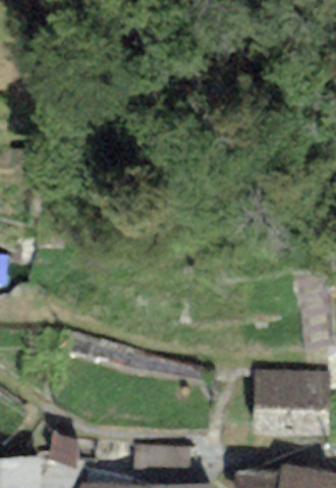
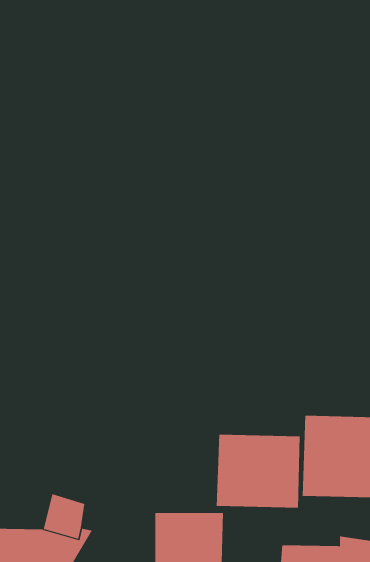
building: none -> [216,434,300,509]

